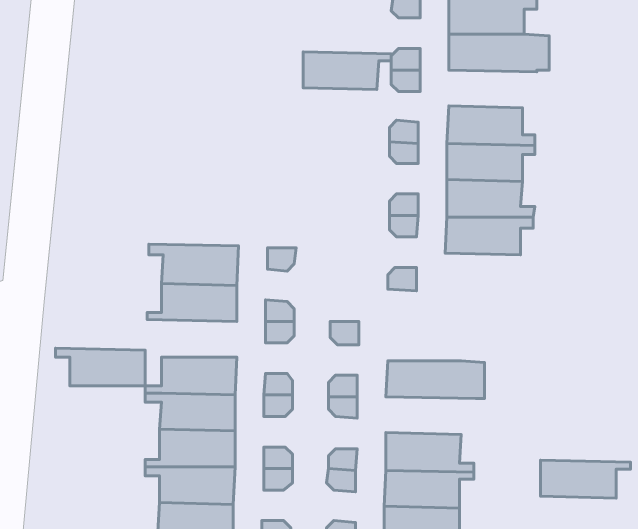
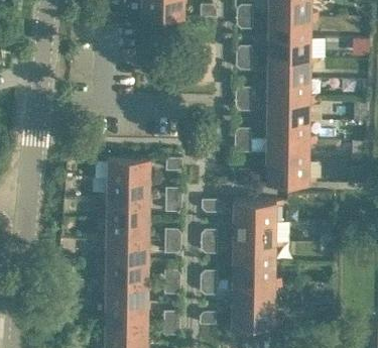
building: [303,52,391,90] -> [268,59,318,80]
building: none -> [266,161,316,184]
building: none -> [234,201,283,222]
building: [55,348,145,386] -> [99,199,149,220]
building: [541,460,630,498] -> [233,242,283,263]

